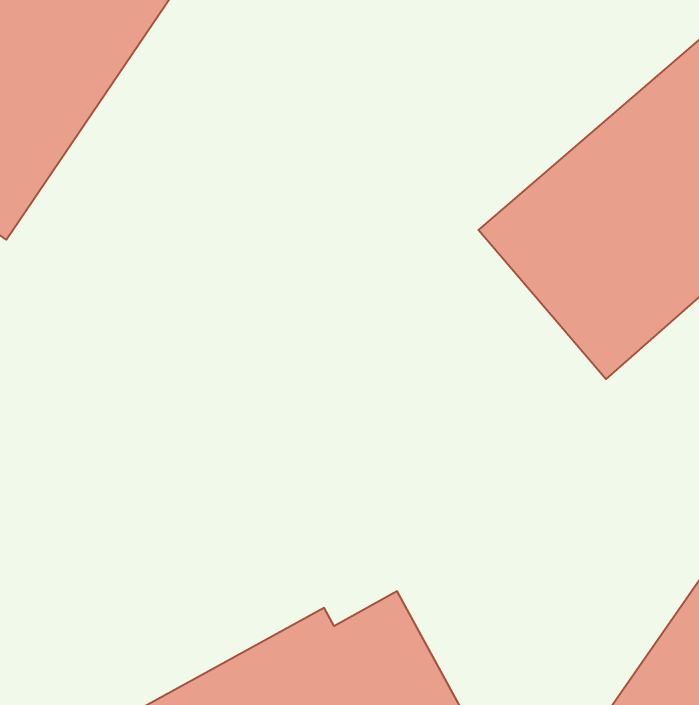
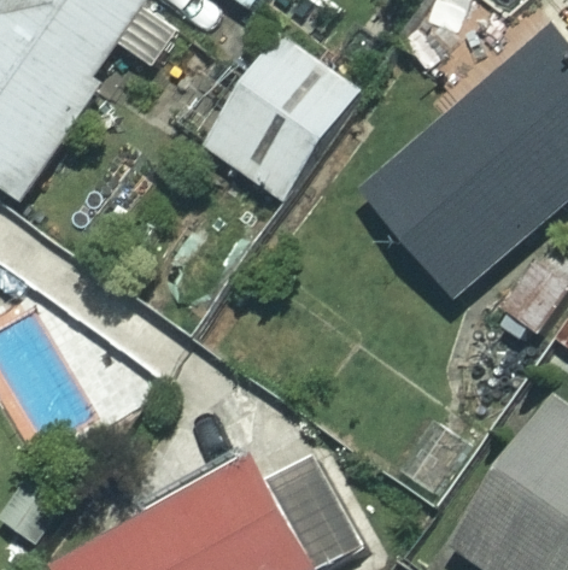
building: none -> [204,34,362,199]

